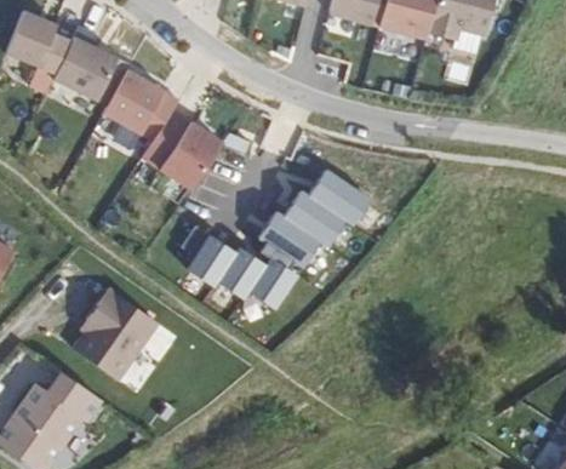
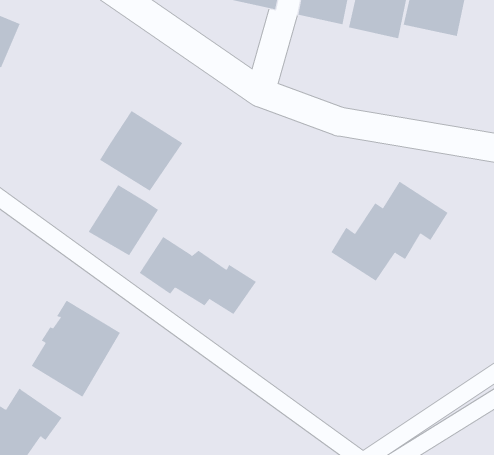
building: [51,39,124,107] -> none
building: [105,70,172,141] -> none
building: [252,165,365,261] -> [331,181,449,281]
building: none -> [88,184,159,256]

